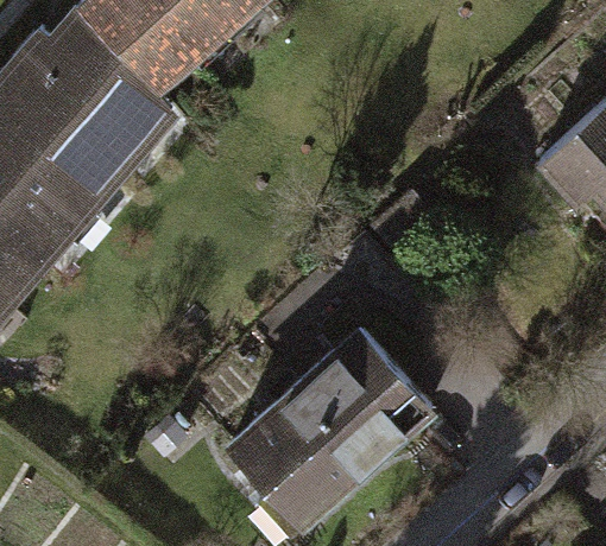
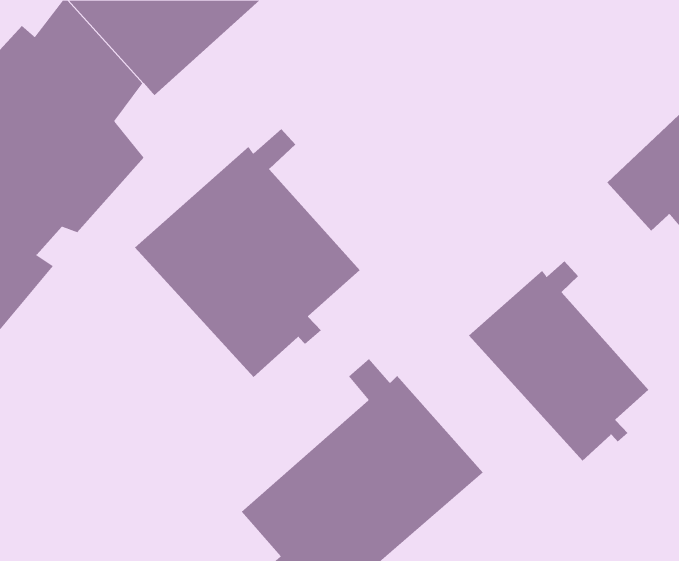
building: none -> [134,128,360,378]
building: none -> [468,260,649,461]

